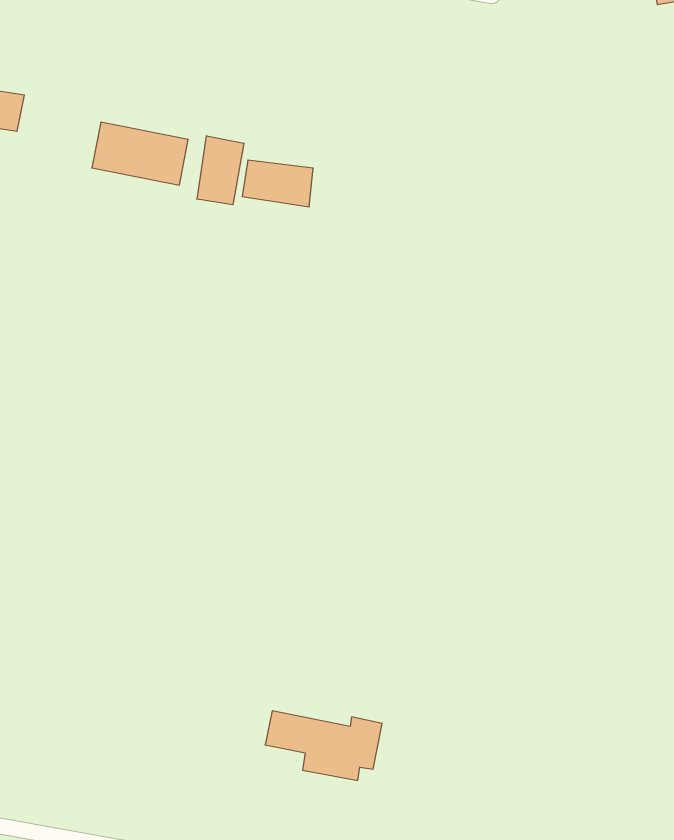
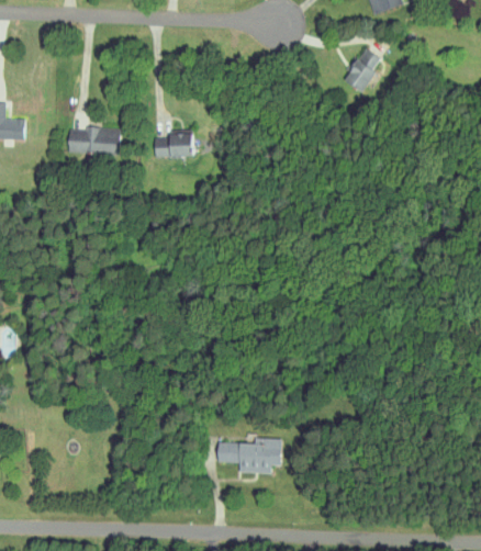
building: none -> [342,46,383,91]
building: [197,136,244,205] -> none

